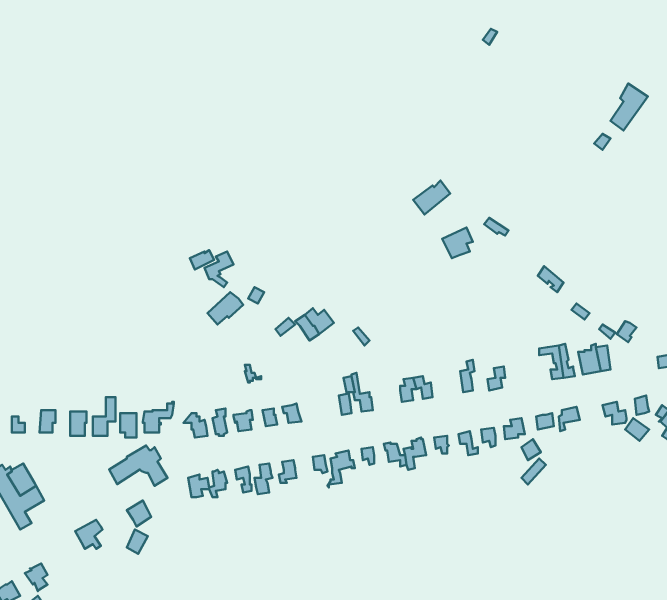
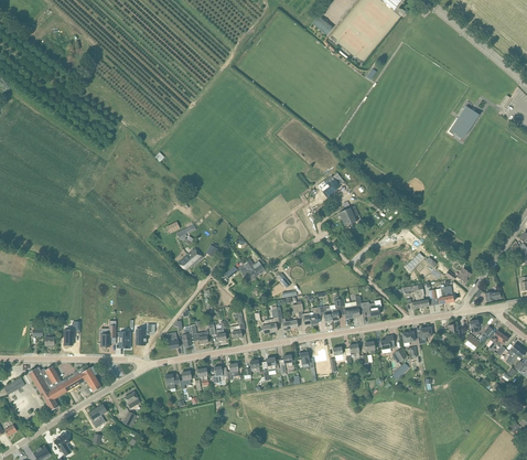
building: [109,445,167,486] -> [62,364,101,392]

